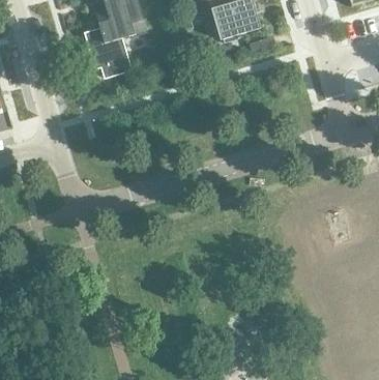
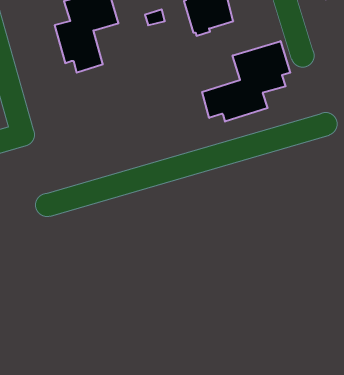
building: none -> [202,41,290,122]

